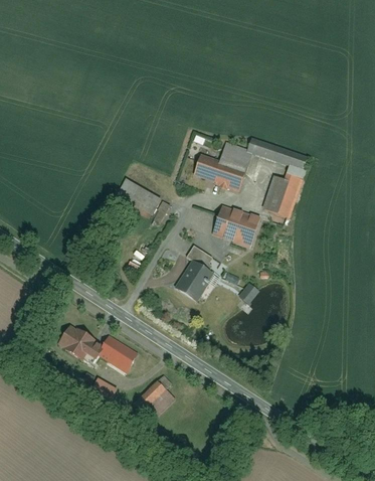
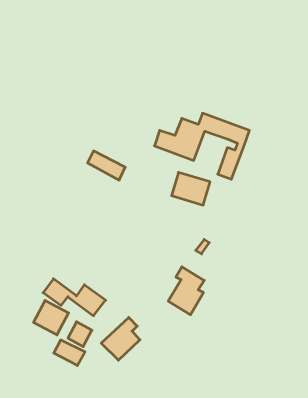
building: [175,244,217,300] -> [168,267,204,315]
building: none -> [34,300,69,335]
building: none -> [54,340,85,366]

